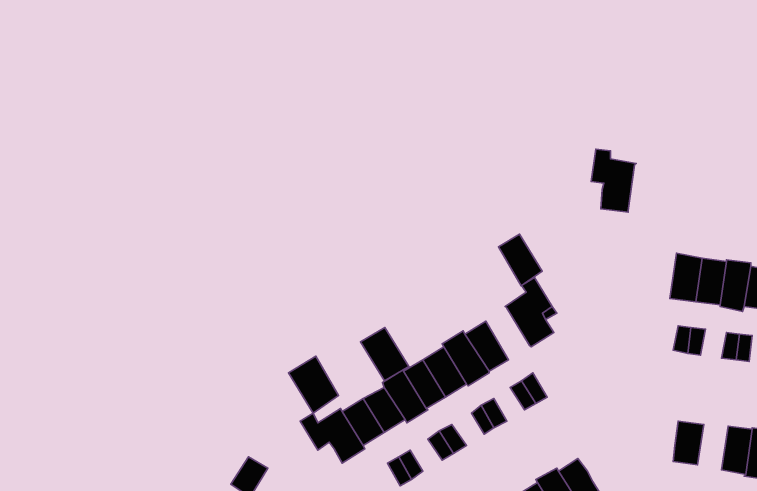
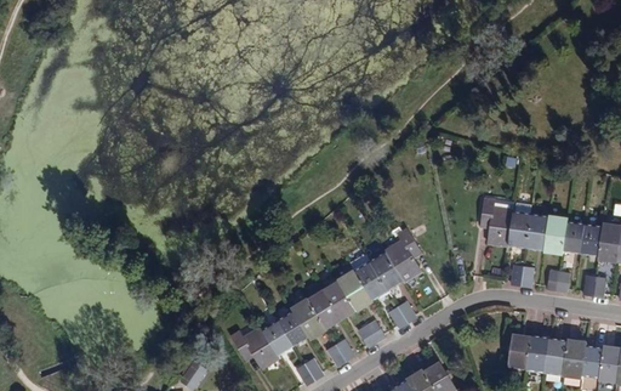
building: [591,149,636,212] -> [479,197,513,244]
building: [499,234,542,286] -> [369,250,401,289]
building: [360,327,409,381] -> none
building: [288,356,339,413] -> none
building: none -> [528,336,551,372]

